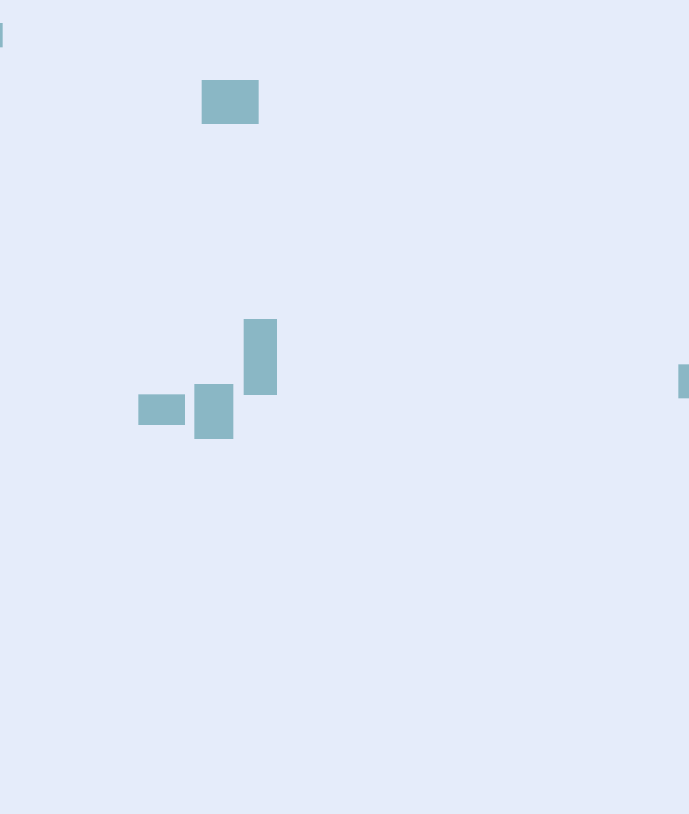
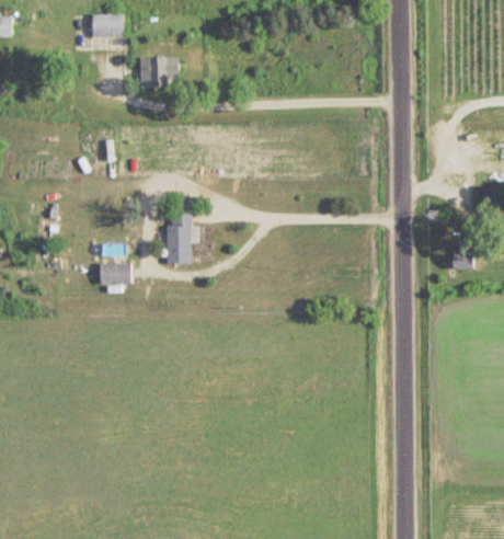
building: none -> [92,13,123,36]
building: [194,383,234,440] -> none

